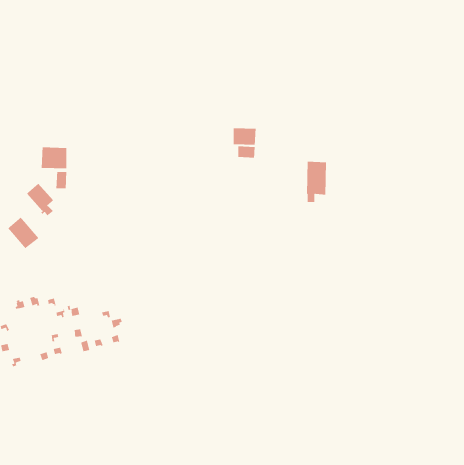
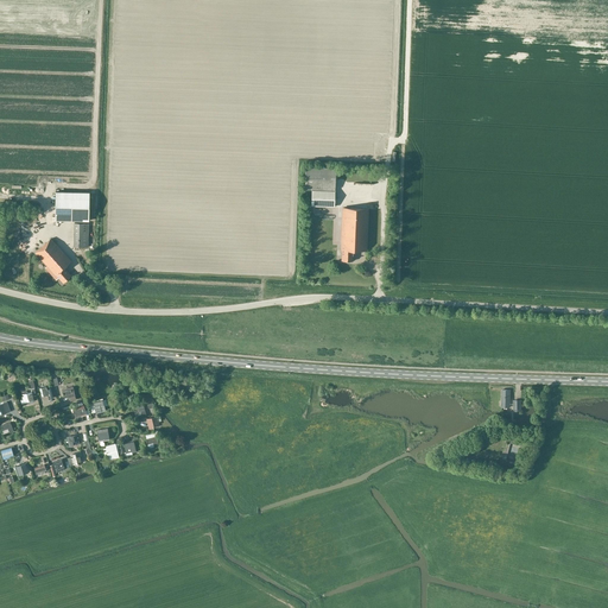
building: [306,161,327,203] -> [340,207,367,261]
building: [7,216,39,249] -> none

